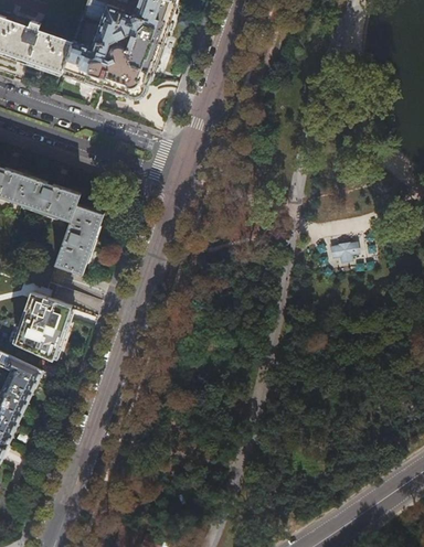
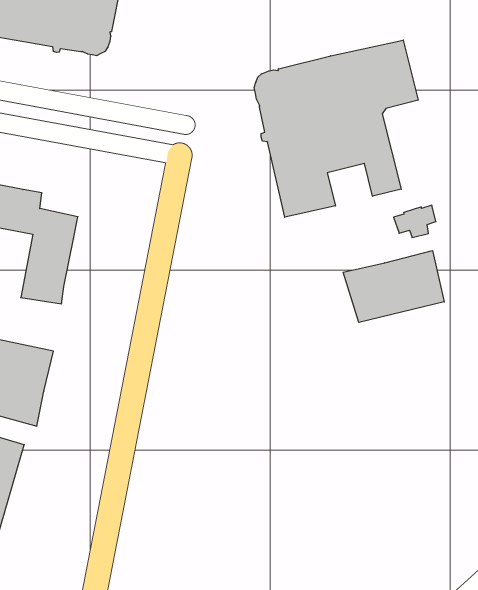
building: none -> [254,40,418,217]
building: none -> [343,251,444,322]

